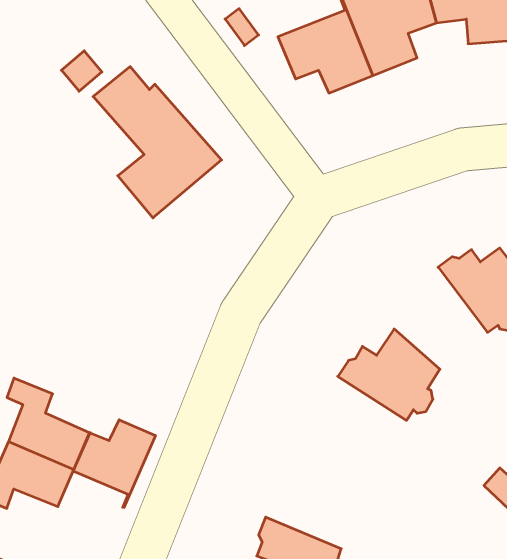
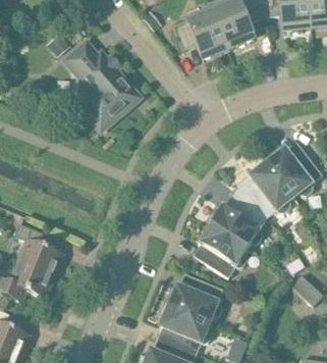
building: none -> [239,159,293,218]
building: none -> [198,222,247,277]
building: [73,420,155,507] -> none
building: none -> [165,276,222,322]

